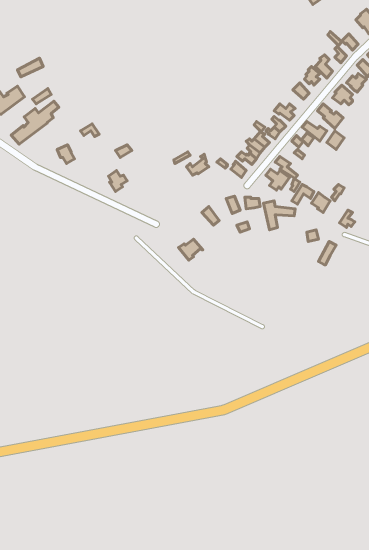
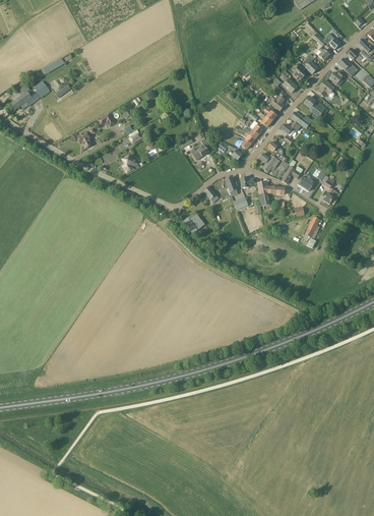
building: [11,101,59,144] -> none

